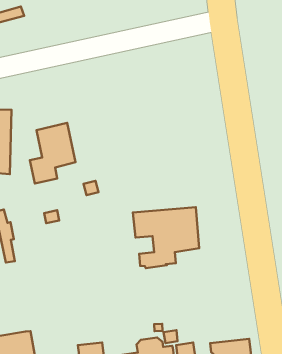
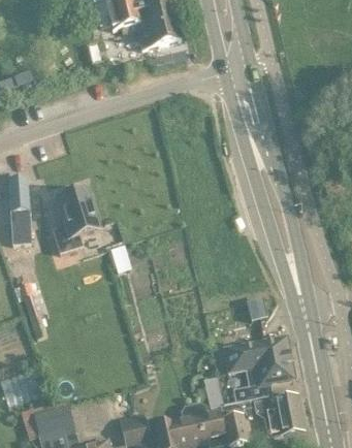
building: [133,207,199,268] -> [221,335,293,404]

